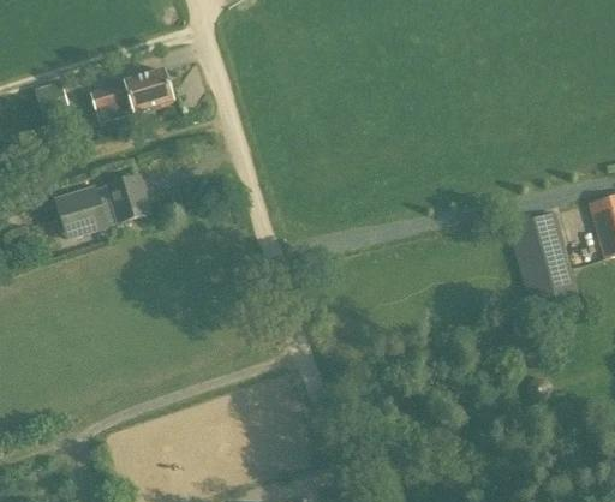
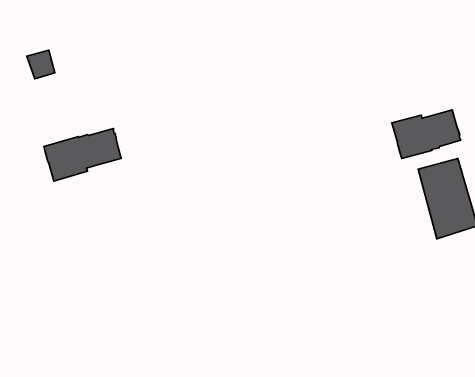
building: [91,68,173,112] -> none
building: none -> [392,110,461,159]

